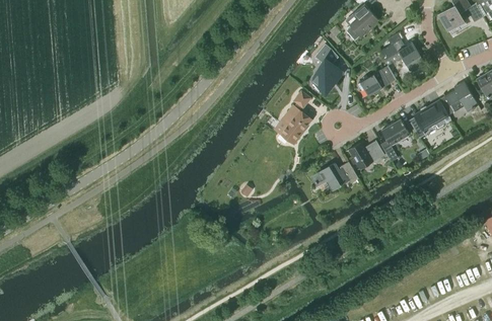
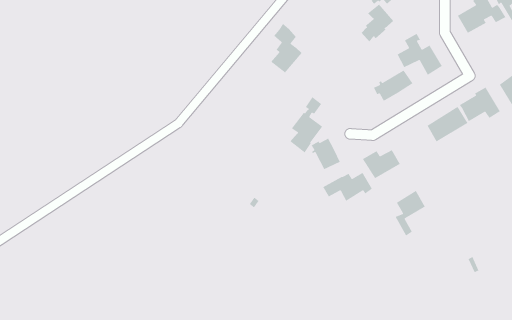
building: [312,45,343,92] -> [270,23,302,74]
building: [380,118,410,162] -> [395,190,426,236]
building: none -> [310,137,341,170]

